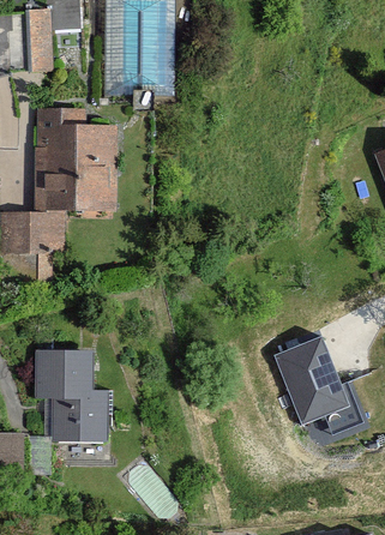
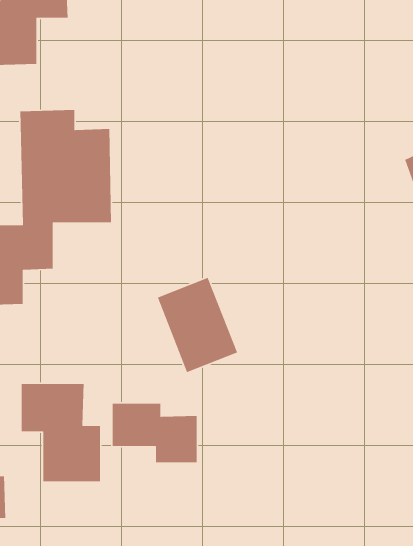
building: [276,337,348,422] -> [157,277,238,373]
building: none -> [112,403,197,463]

